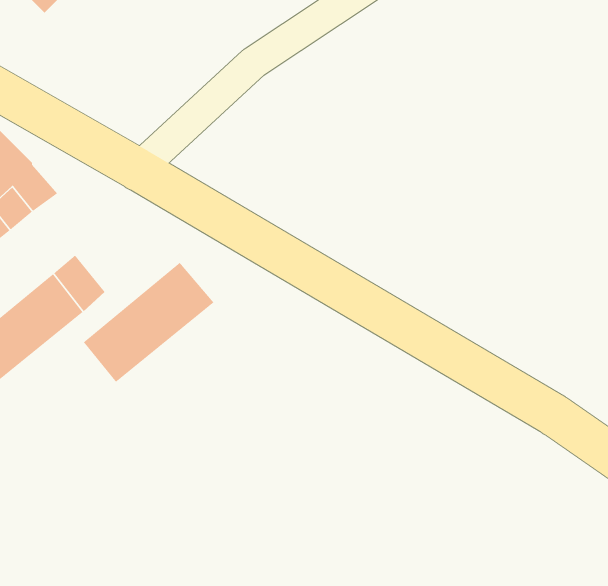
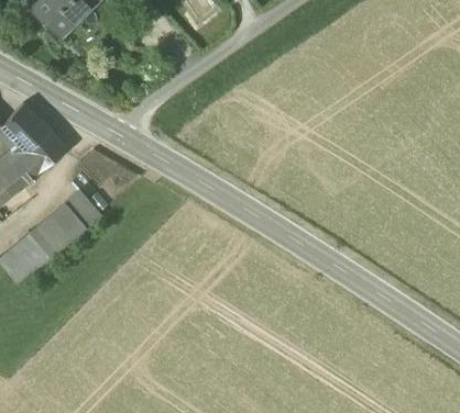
building: [83,262,215,383] -> none

